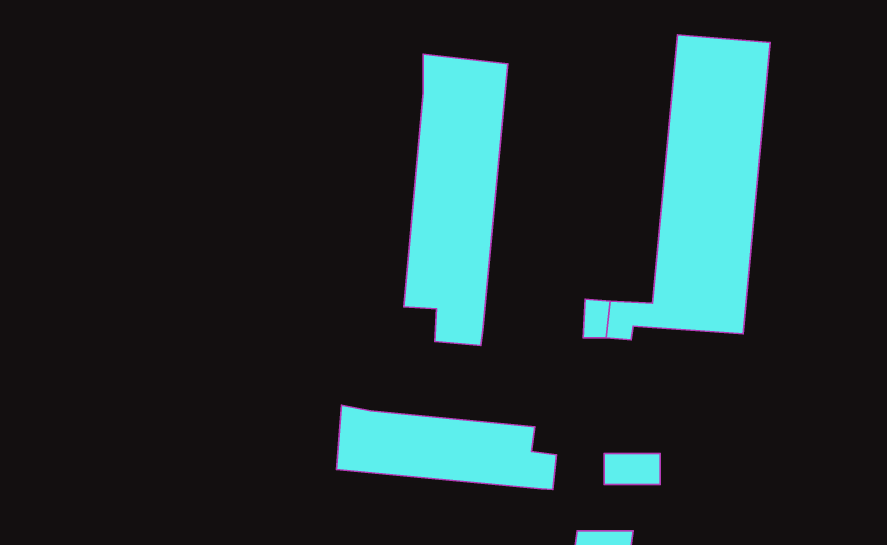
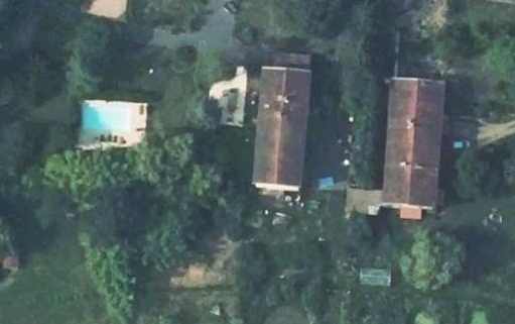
building: [337,405,557,490] -> none

